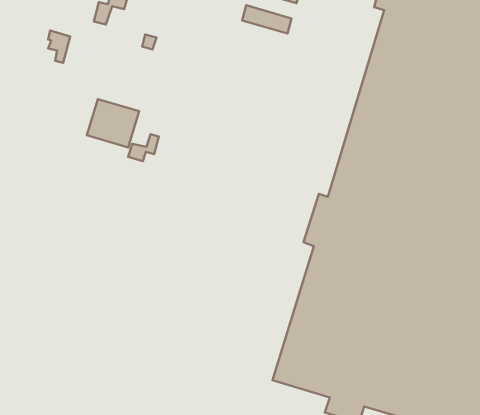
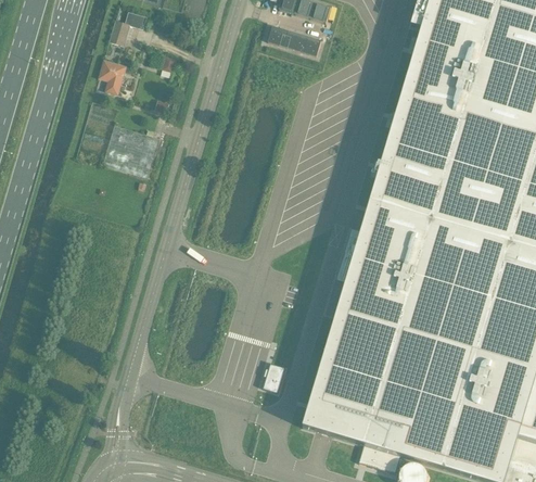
building: [48,30,70,63] -> [102,59,126,93]
building: [128,134,159,161] -> none

